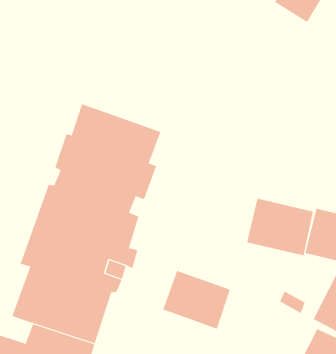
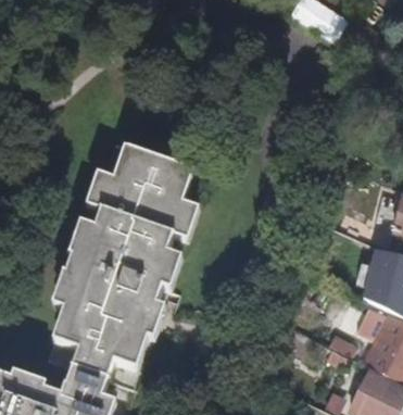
building: [246,198,313,256] -> none
building: [163,270,231,329] -> none

